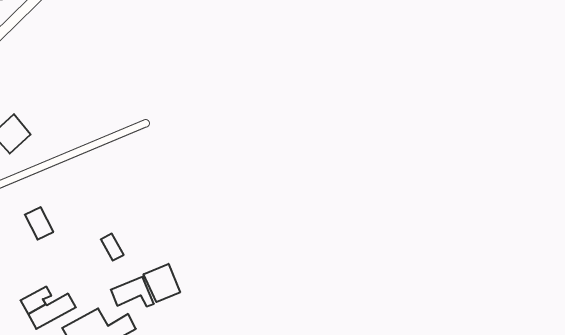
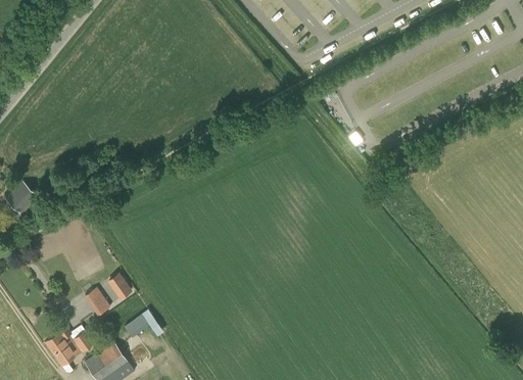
building: [25,207,53,240] -> [84,287,110,316]
building: [144,264,180,302] -> none

